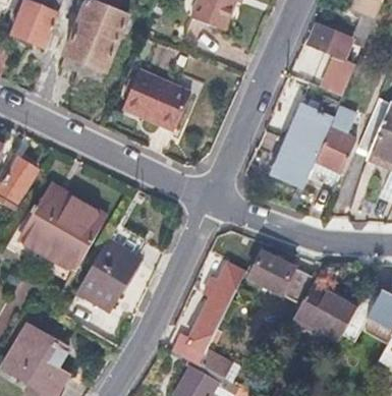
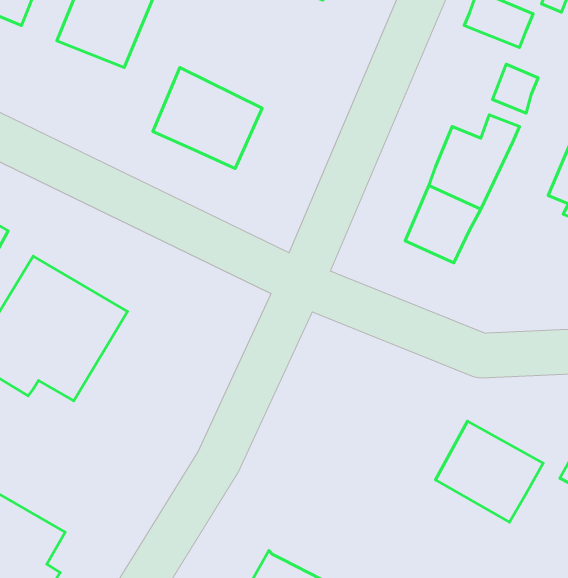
building: [313,114,358,181] -> none
building: [76,241,139,312] -> none
building: [247,252,311,302] -> none
building: [186,264,244,366] -> none

